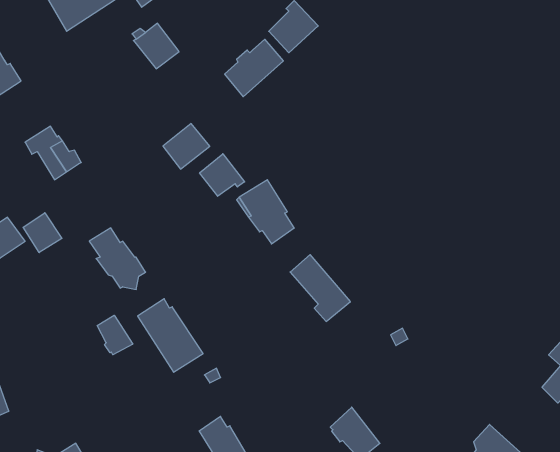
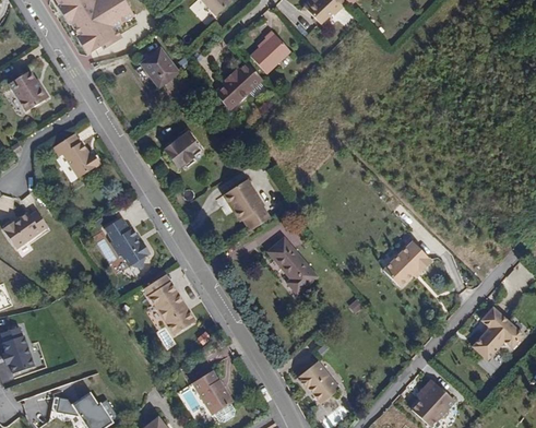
building: [200,154,245,196] -> none
building: [23,213,62,253] -> none
building: none -> [384,241,433,287]
building: [97,315,133,355] -> none

